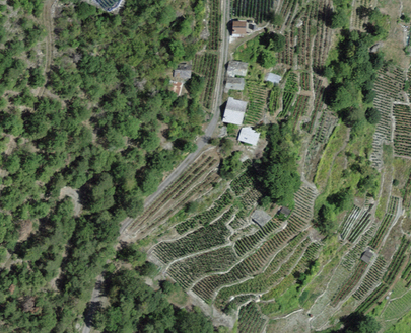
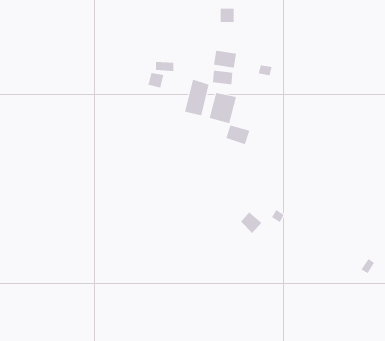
building: none -> [184,79,209,116]

